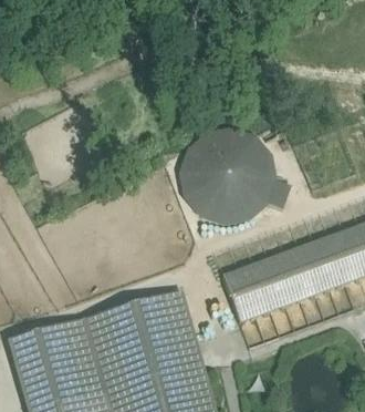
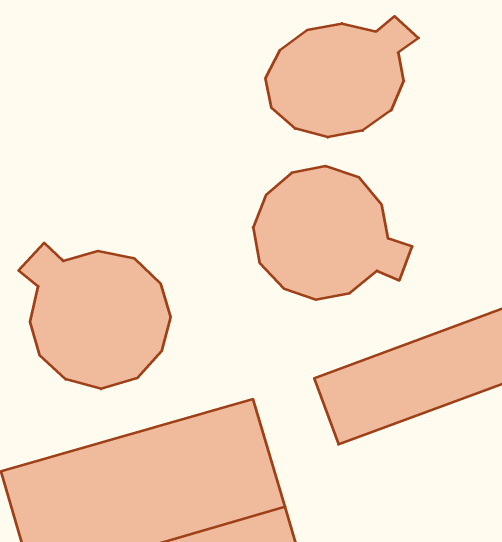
building: none -> [266,16,419,137]
building: none -> [19,243,170,389]

